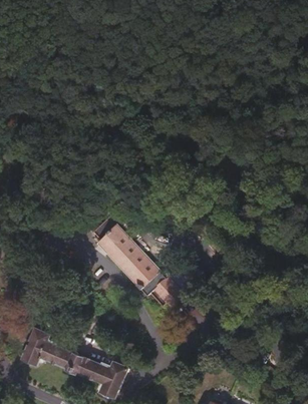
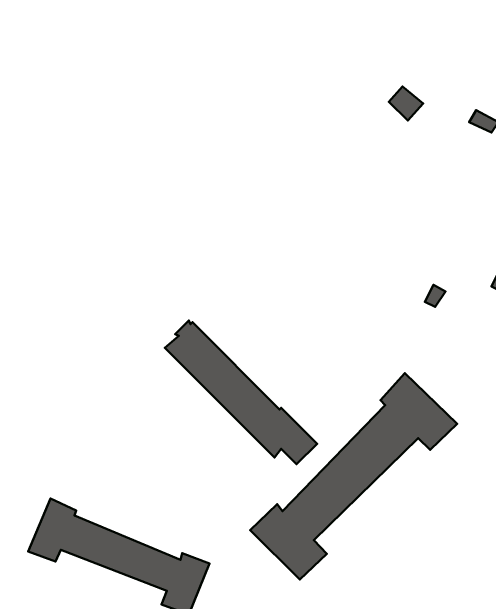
building: none -> [250,373,457,580]

